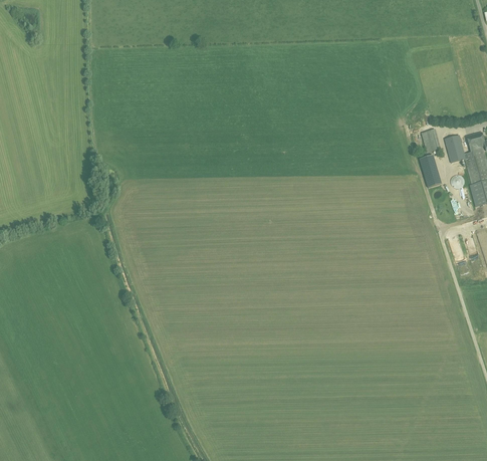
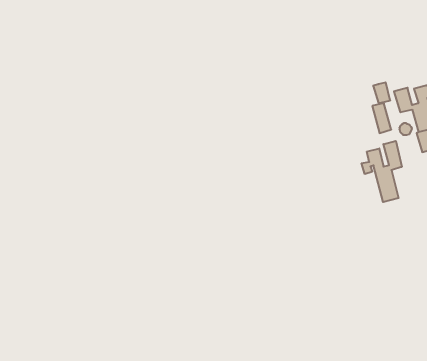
building: none -> [362,141,402,202]

